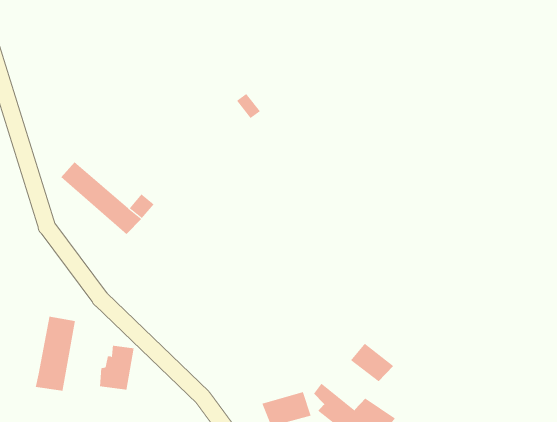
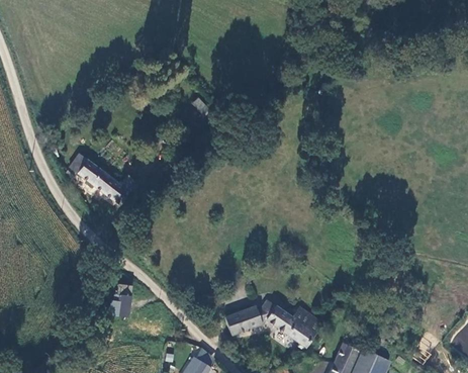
building: [35,316,76,391] -> none
building: [350,343,394,382] -> none

